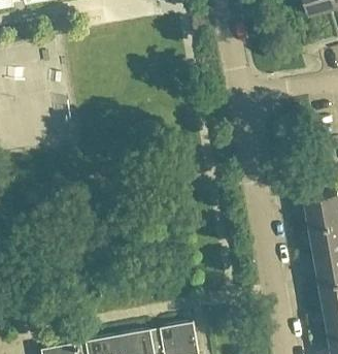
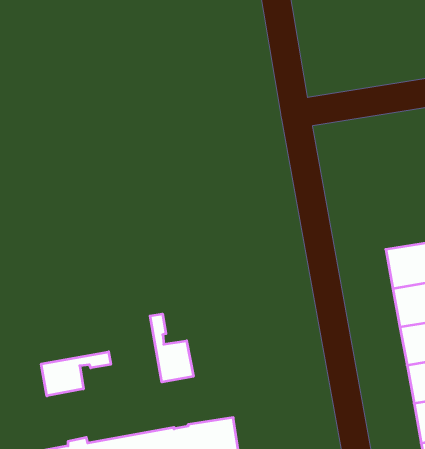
building: none -> [150,314,193,382]
building: none -> [41,352,111,396]

